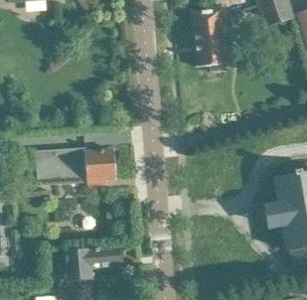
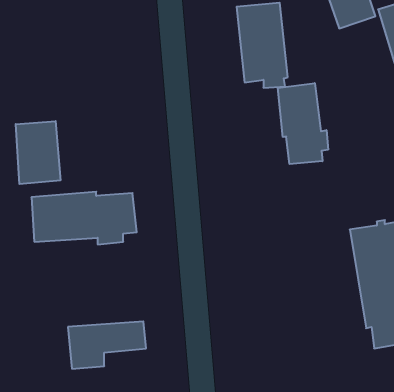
building: none -> [278,83,328,164]
building: none -> [16,121,60,184]

